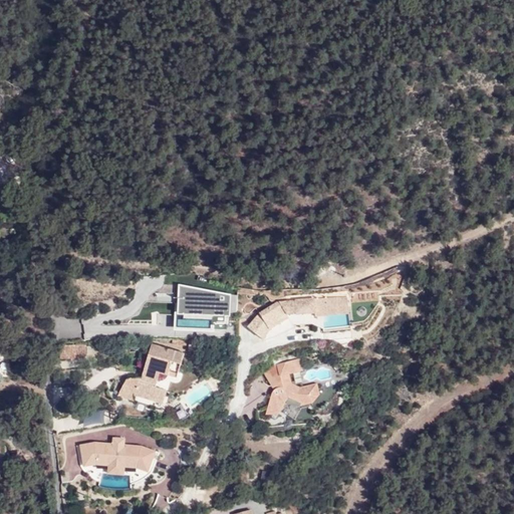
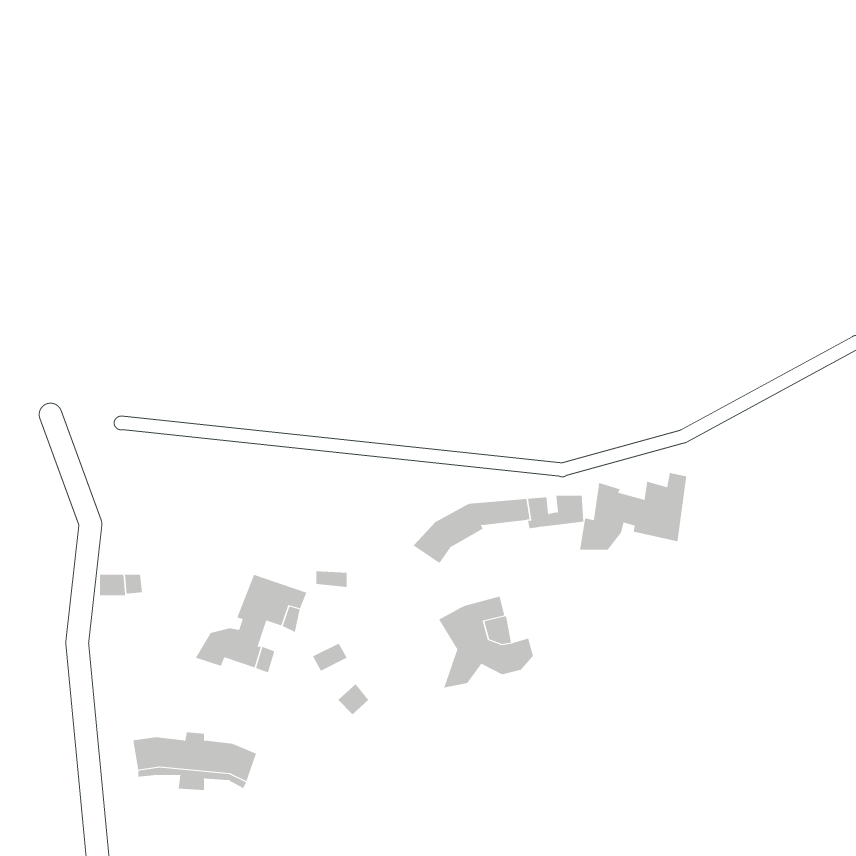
building: none -> [580,472,687,550]
building: [174,284,229,332] -> none

